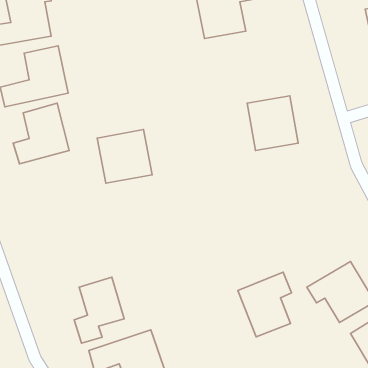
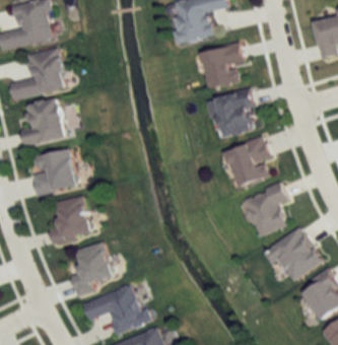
building: none -> [200,44,243,88]
building: [97,130,152,183] -> [29,149,75,194]
building: none -> [224,137,269,187]
building: none -> [48,196,90,245]
building: [238,272,292,337] -> [243,183,287,236]

